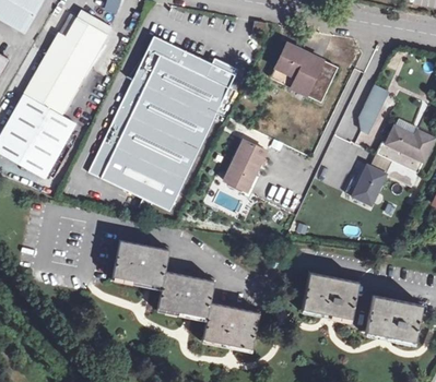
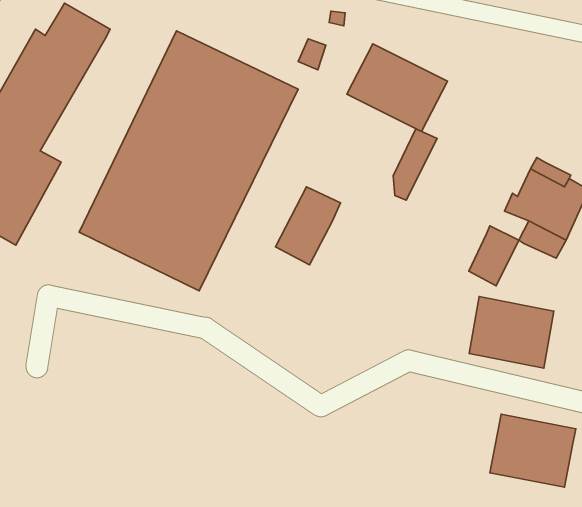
building: [357,87,387,135] -> [393,129,437,200]
building: [113,237,259,344] -> none
building: [301,271,357,319] -> [469,297,554,368]

